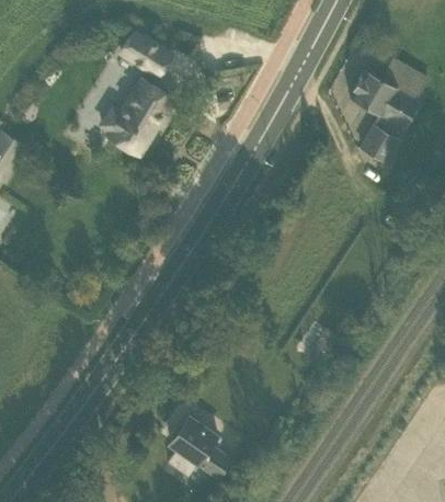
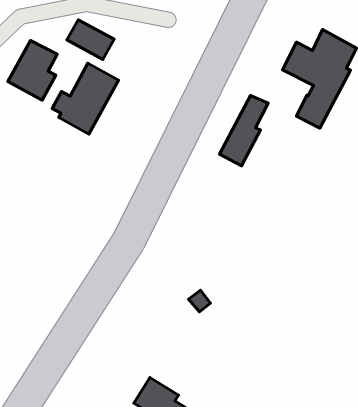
building: none -> [8,40,57,100]
building: none -> [220,96,268,166]

